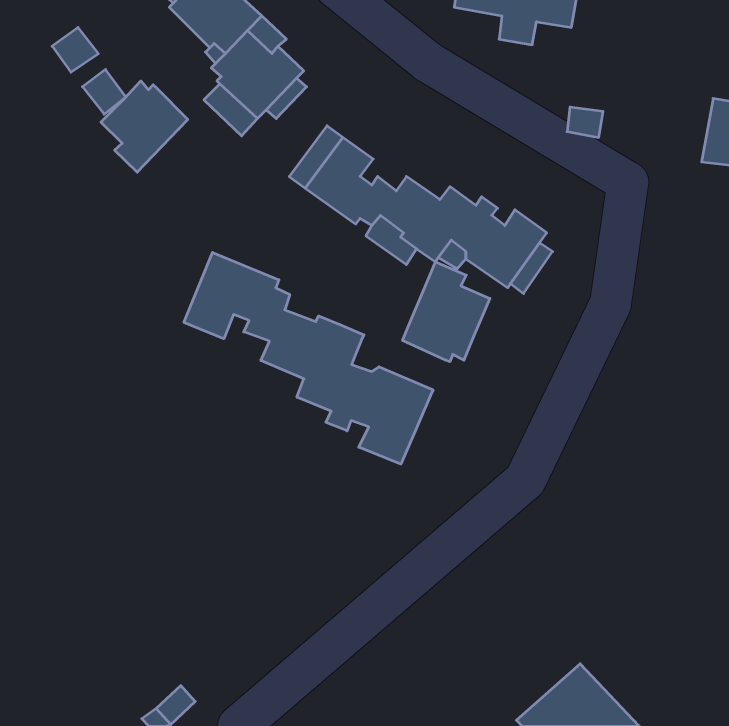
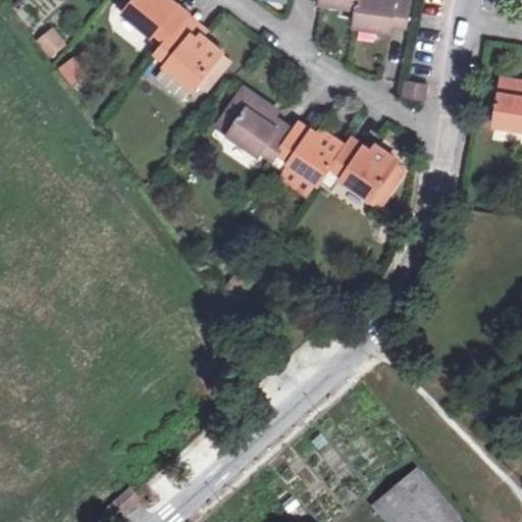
building: [101,81,188,172] -> none
building: [184,252,433,464] -> none
building: [403,262,490,362] -> none

